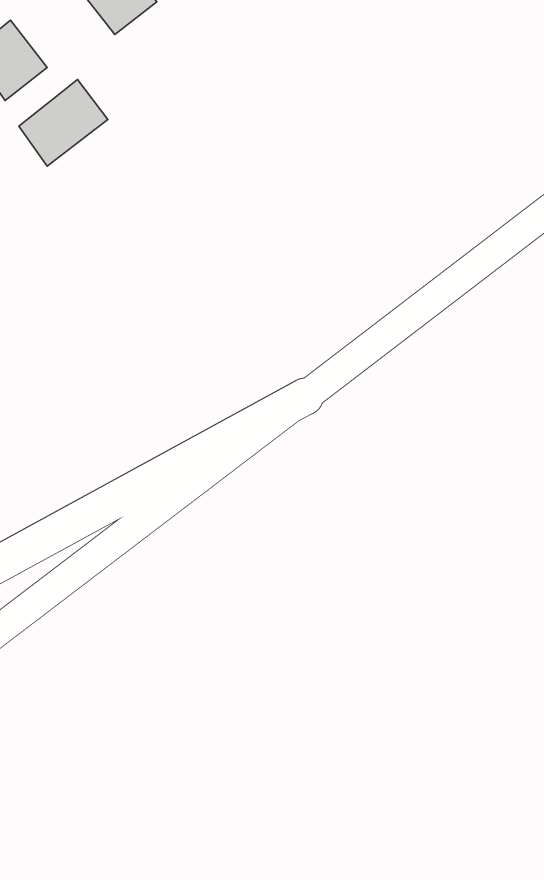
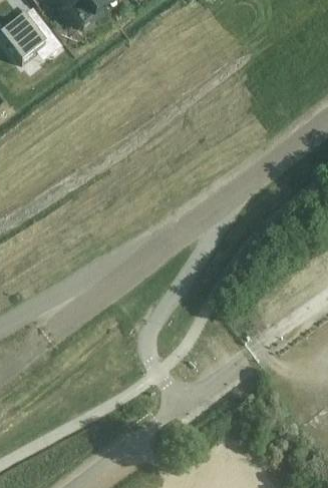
building: [19,79,108,166] -> none

